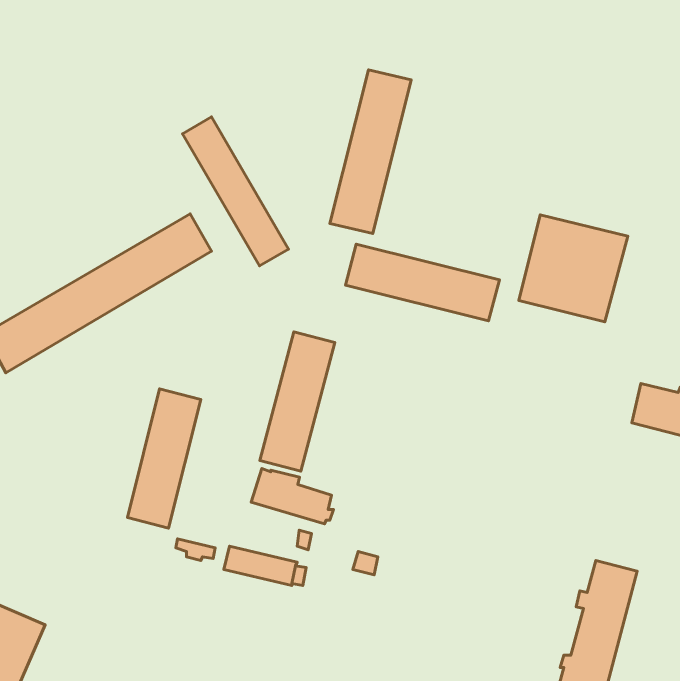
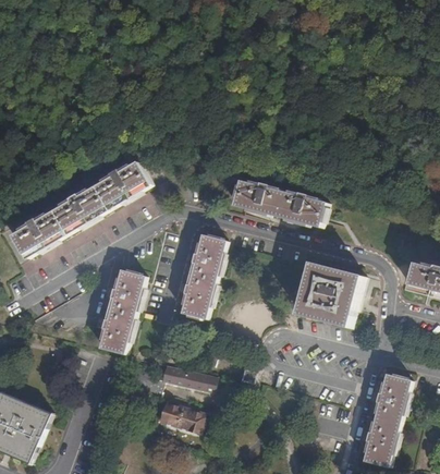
building: [330,70,411,234] -> none
building: [182,117,289,266] -> none
building: [519,215,628,322] -> [296,263,363,328]
building: [251,468,333,524] -> [150,398,200,432]

